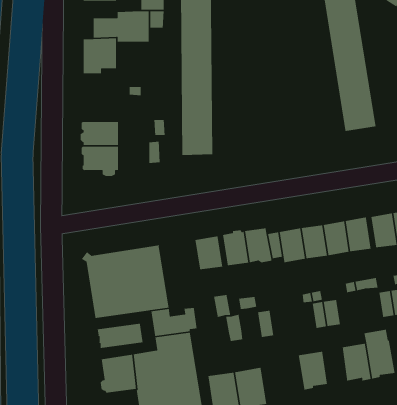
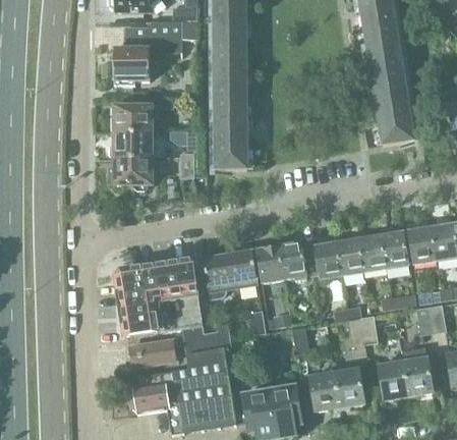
building: none -> [114,106,157,132]
building: none -> [204,254,233,298]
building: none -> [309,372,340,410]

